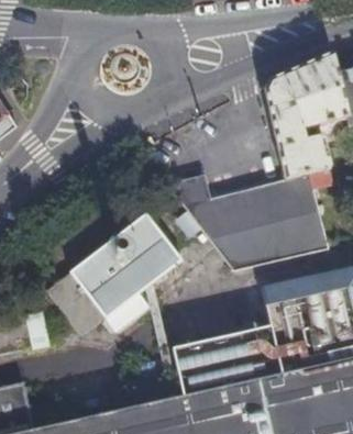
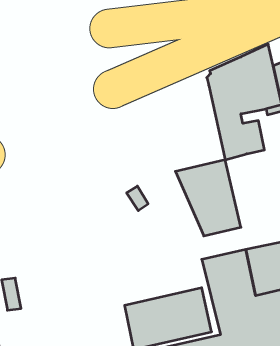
building: [282,174,323,256] -> none
building: [167,176,257,272] -> none
building: [51,216,184,337] -> none

